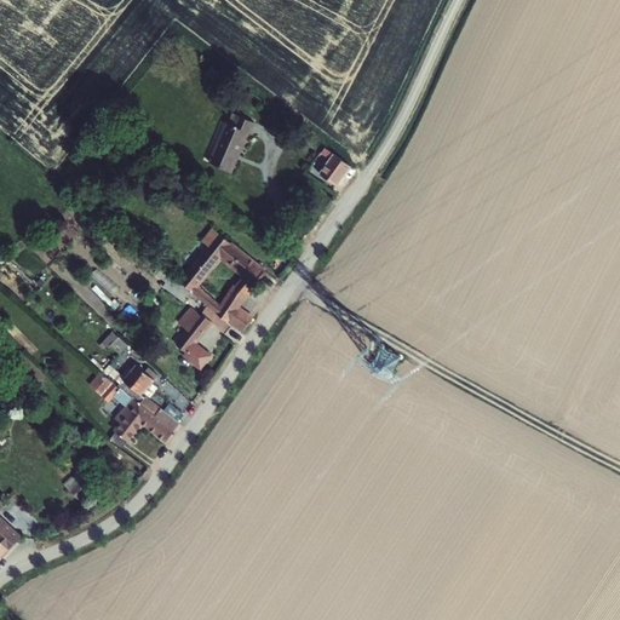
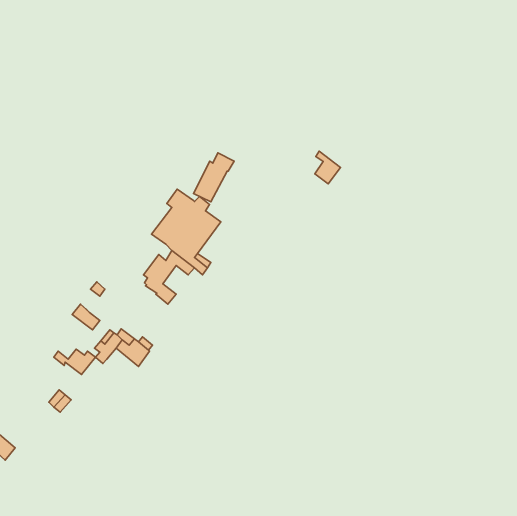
building: [209,116,258,174] -> [194,153,234,202]
building: [320,147,350,185] -> [315,151,340,184]
building: [107,367,156,397] -> [54,349,96,375]

